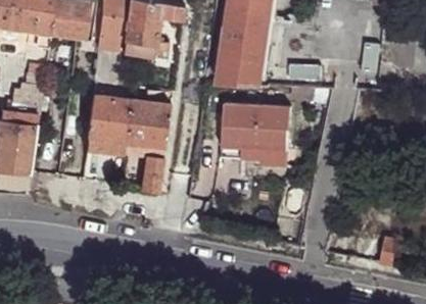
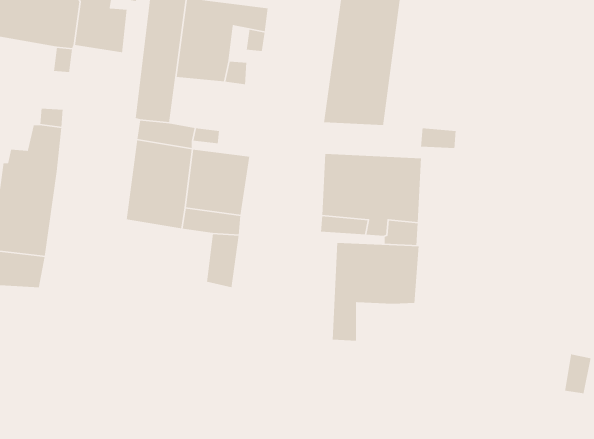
building: none -> [332,242,420,341]

